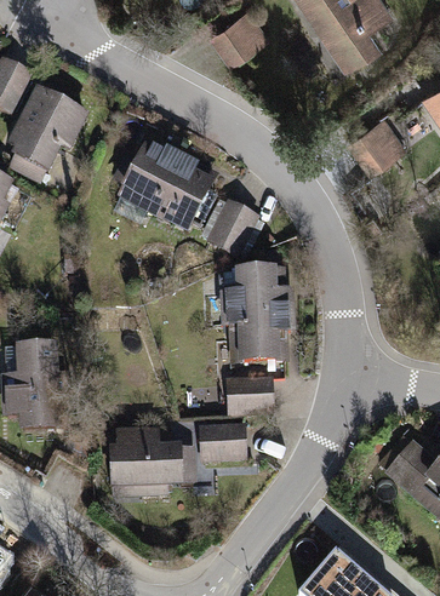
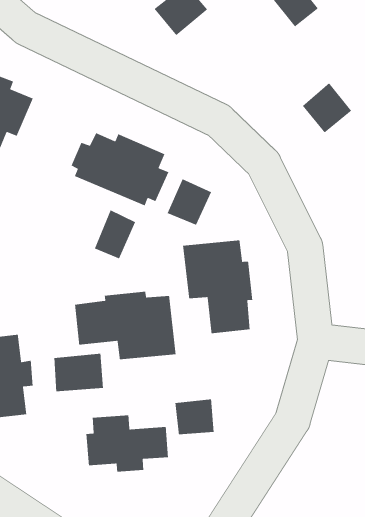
building: none -> [94,209,136,260]
building: none -> [74,291,177,360]
building: none -> [53,353,104,392]
building: [227,377,269,412] -> none

